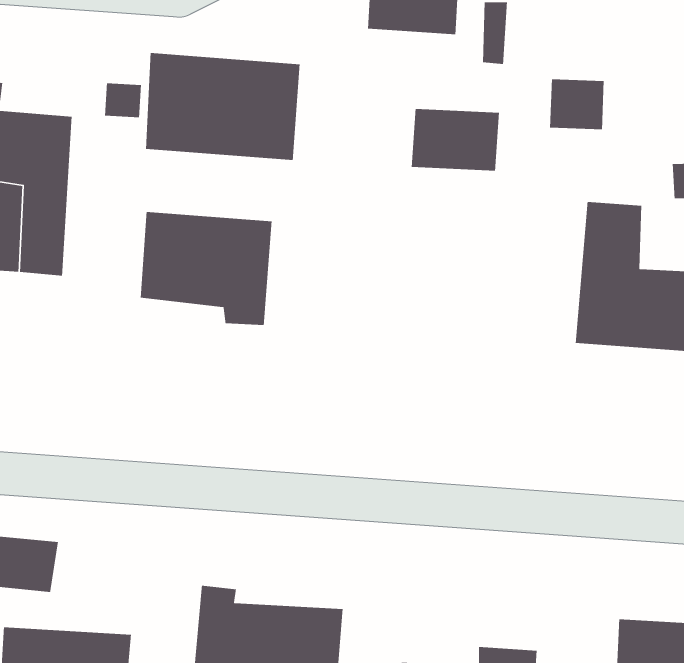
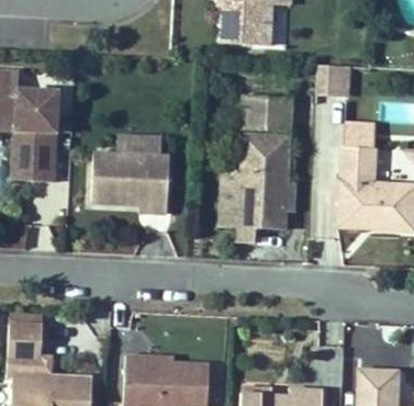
building: [145,52,301,161] -> none
building: none -> [217,124,292,233]

